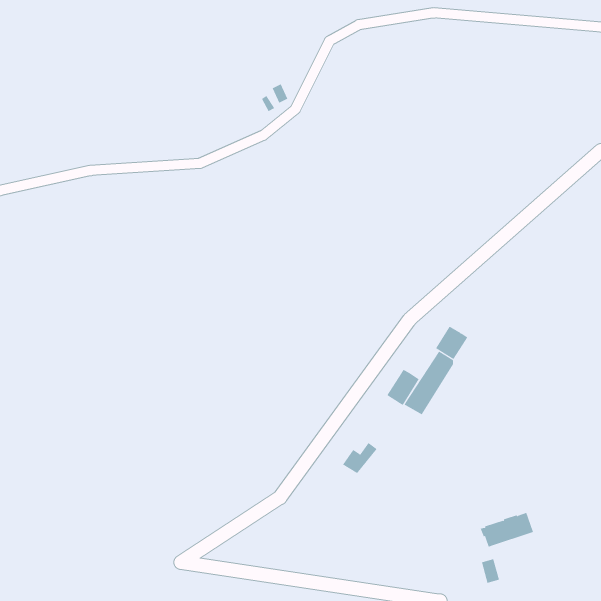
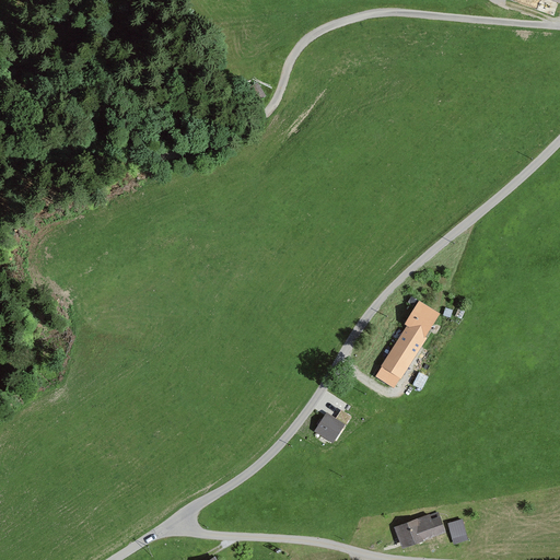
building: [387,369,420,406] -> none
building: [480,512,534,547] -> [393,513,443,546]

